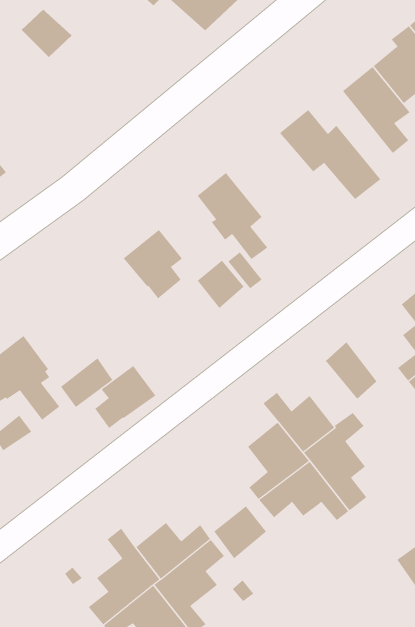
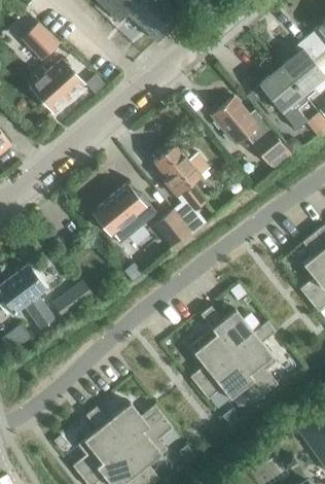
building: none -> [32,59,84,111]
building: [325,342,377,400] -> none
building: [94,365,156,429] -> none
building: [213,506,267,559] -> none

